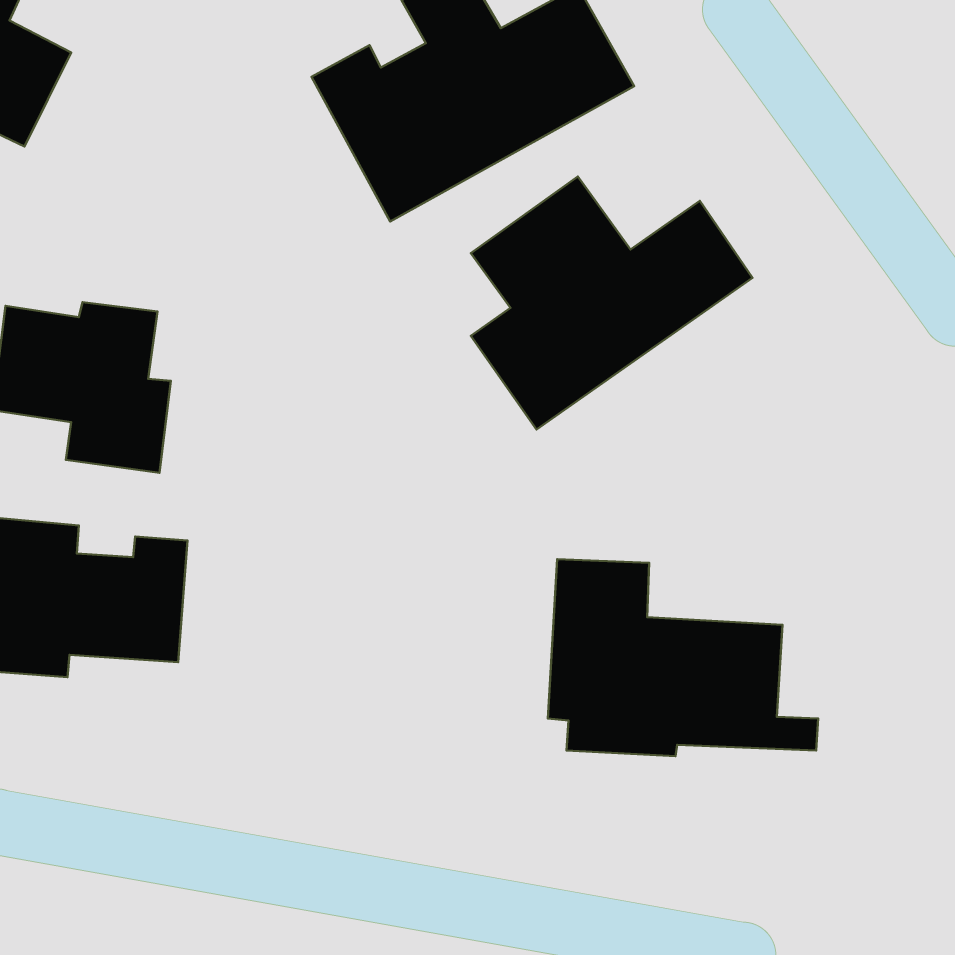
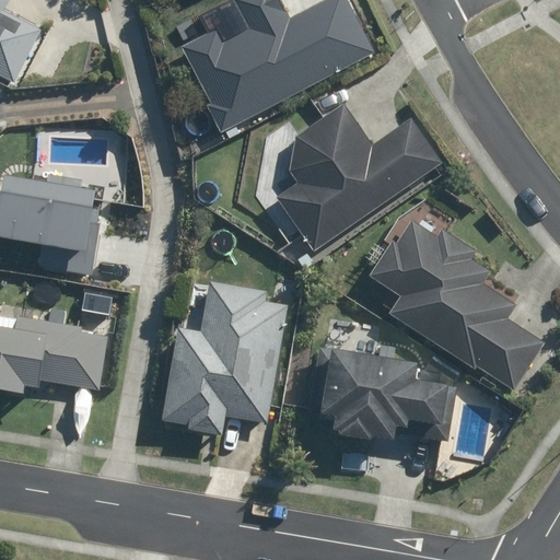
building: none -> [370,222,544,389]
building: none -> [159,280,289,436]

